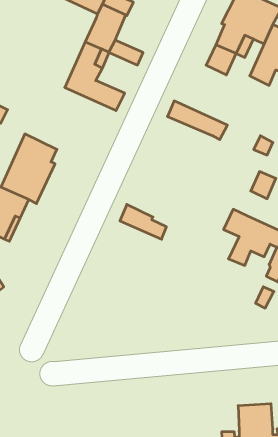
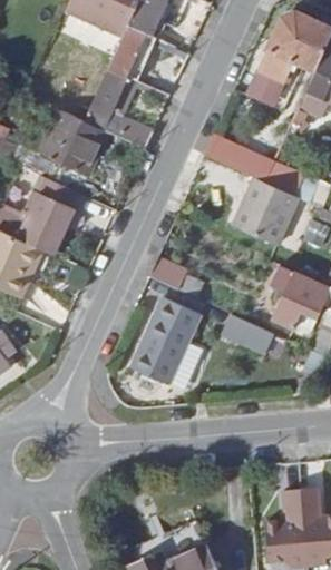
building: none -> [36,108,107,174]
building: none -> [233,177,298,244]
building: none -> [132,297,198,383]
building: none -> [221,312,275,353]

